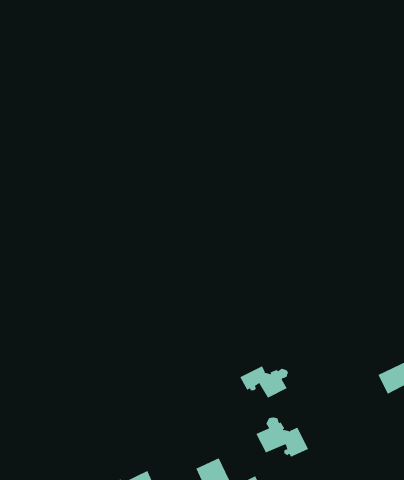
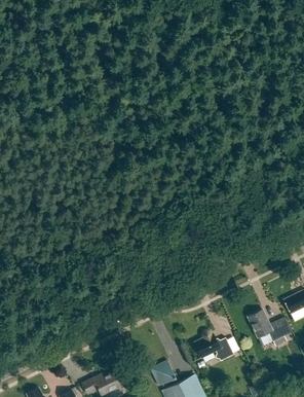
building: [239,366,289,398] -> none
building: none -> [248,310,283,340]

